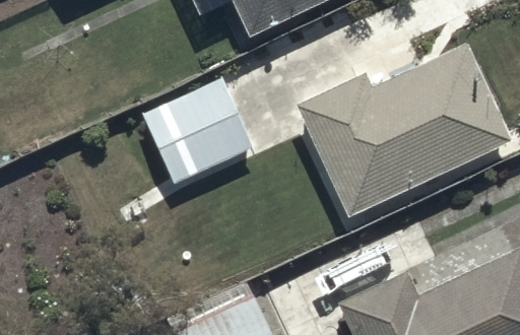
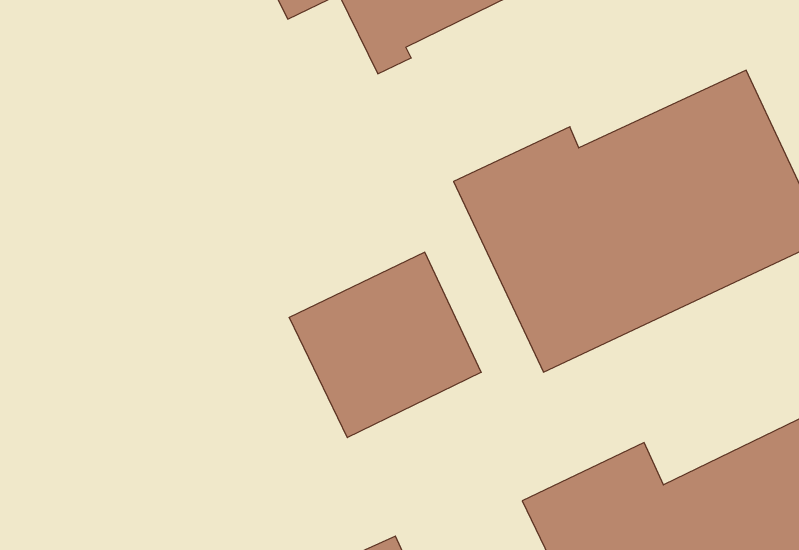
building: [142,79,253,186] -> [289,252,481,438]

